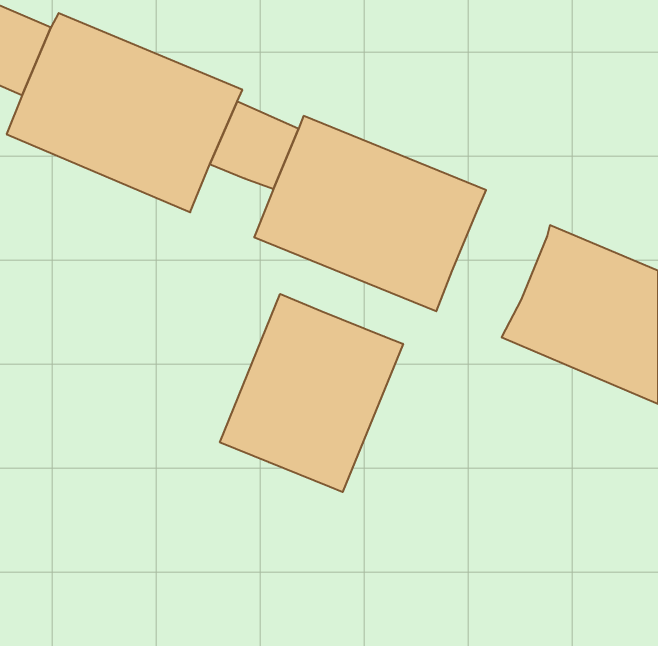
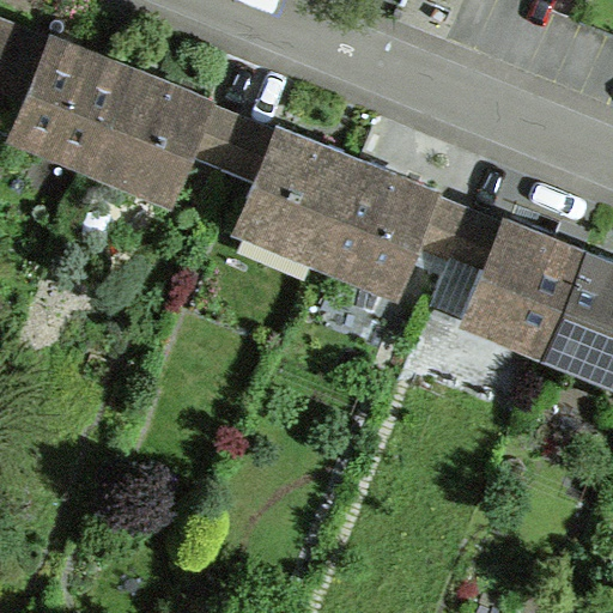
building: none -> [415,210,503,293]
building: [220,294,403,492] -> none

